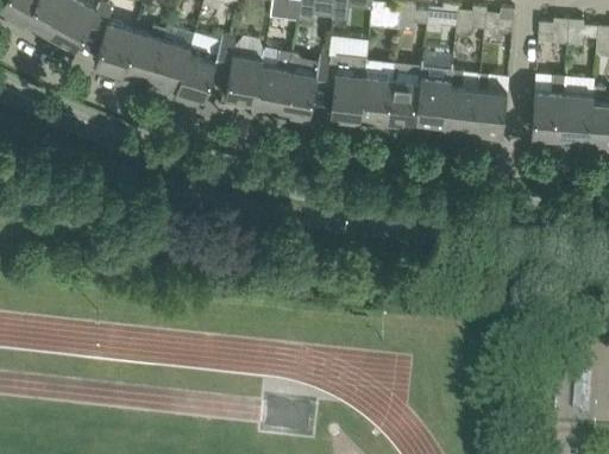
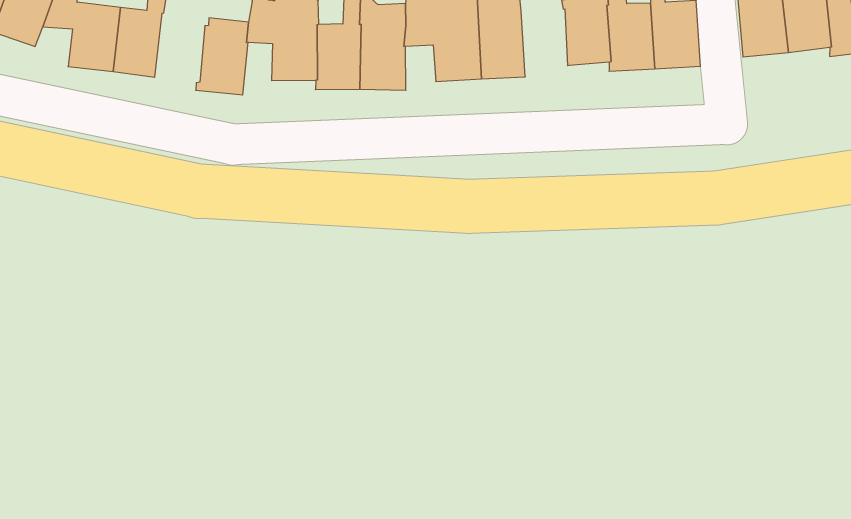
building: [150,38,192,87] -> none
building: [389,77,422,124] -> none

